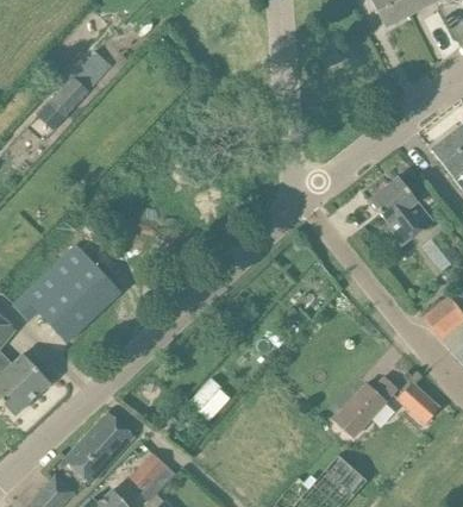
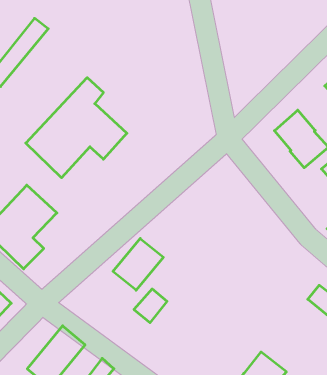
building: none -> [26,78,127,178]
building: none -> [113,238,163,290]
building: [333,376,398,437] -> none

